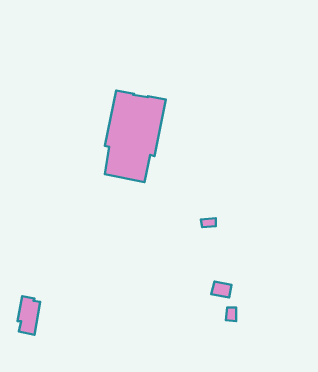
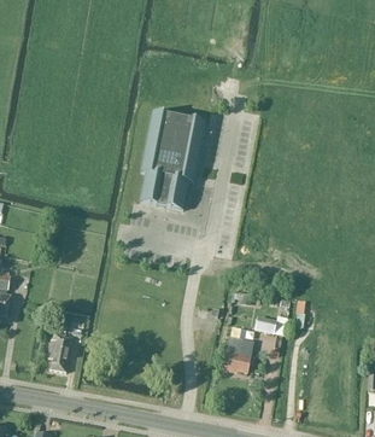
building: none -> [223,337,253,371]

